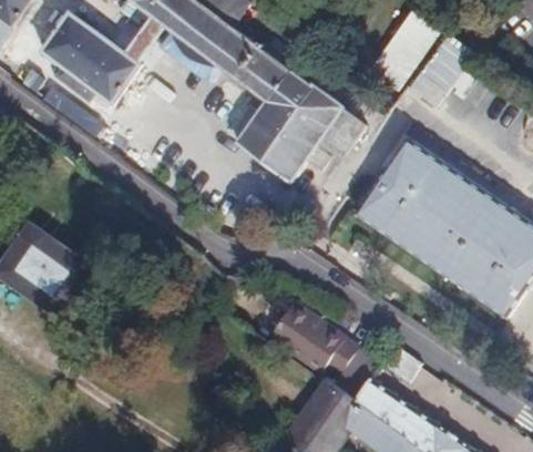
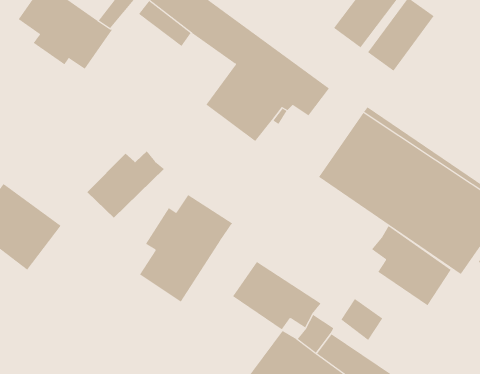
building: none -> [86,150,165,219]
building: none -> [139,194,233,303]
building: none -> [371,225,452,306]

